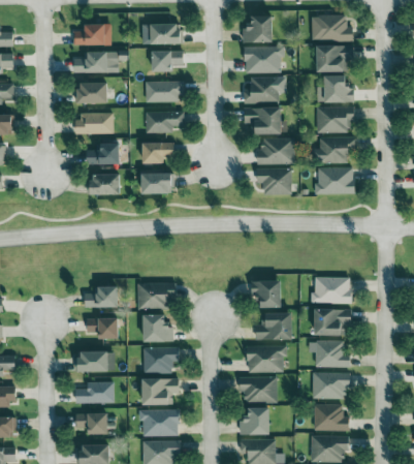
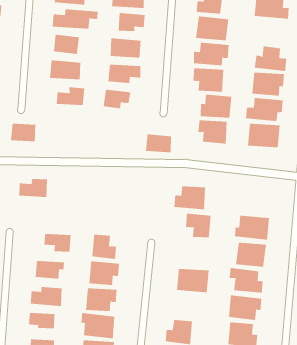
building: [317,44,354,71] -> none
building: [91,173,121,194] -> [10,123,36,142]
building: [142,173,173,193] -> [145,134,172,153]
building: [137,282,174,309] -> none
building: [85,285,120,308] -> [19,179,48,197]
building: [256,312,293,339] -> [173,186,206,210]
building: [240,376,277,403] -> none

